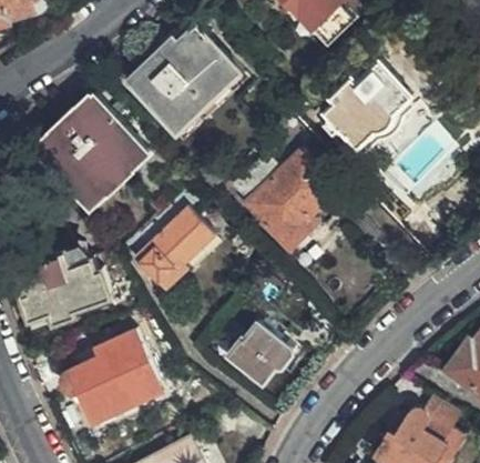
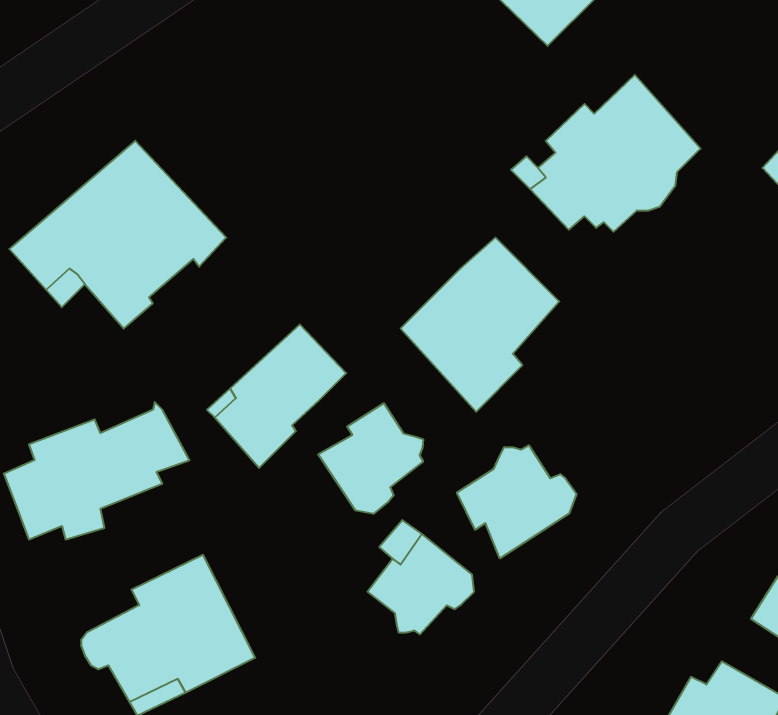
building: [123,23,236,139] -> none
building: none -> [318,403,423,514]
building: none -> [457,445,577,558]

